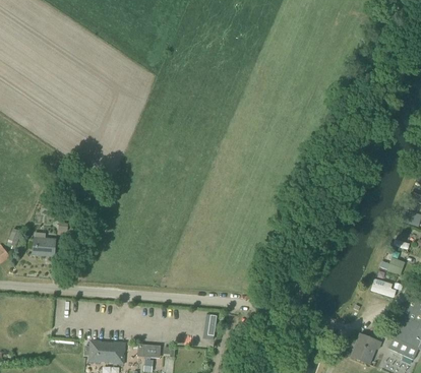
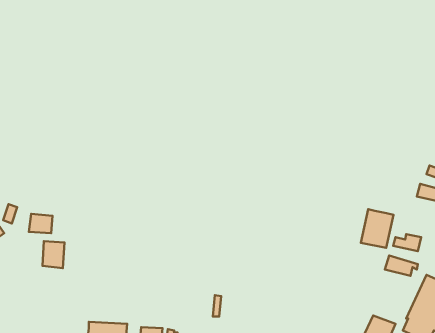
building: none -> [361,209,393,248]
building: none -> [43,241,65,268]

